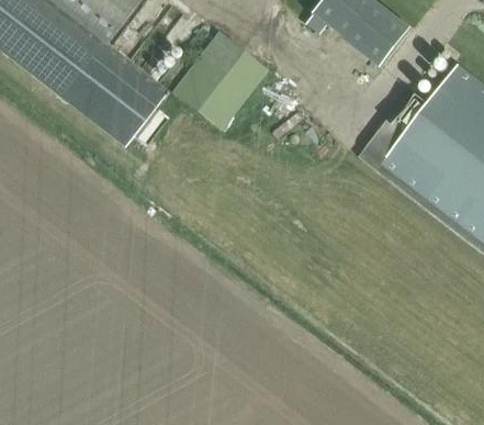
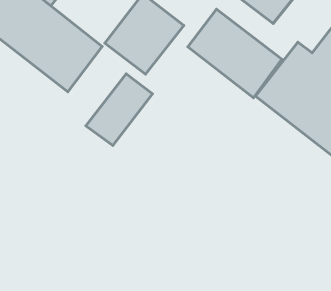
building: none -> [188,9,282,98]
building: none -> [86,74,152,146]

